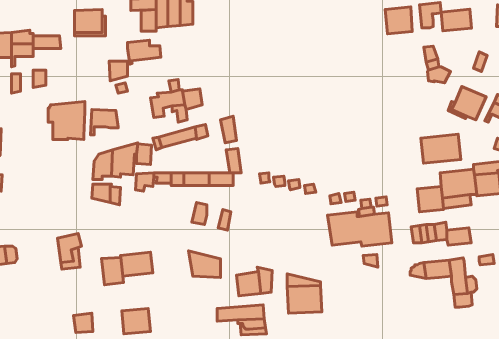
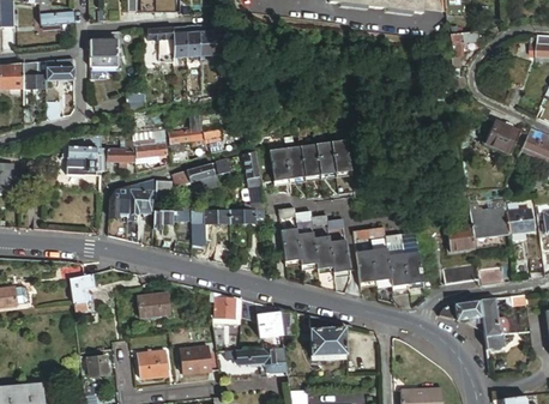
building: [385,7,412,34] -> none
building: [441,9,471,31] -> none
building: [128,40,161,64] -> [133,137,168,162]
building: none -> [269,141,350,183]
building: [421,134,461,163] -> none
building: none -> [280,231,348,276]
building: [101,258,124,285] -> none
building: none -> [182,346,222,374]

